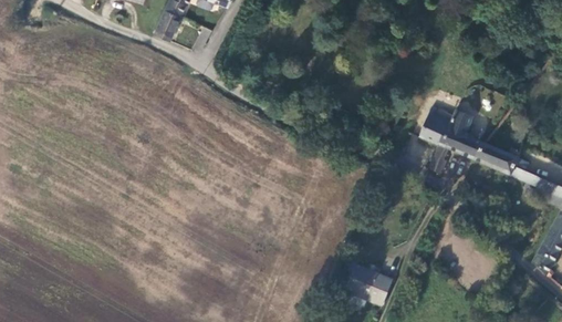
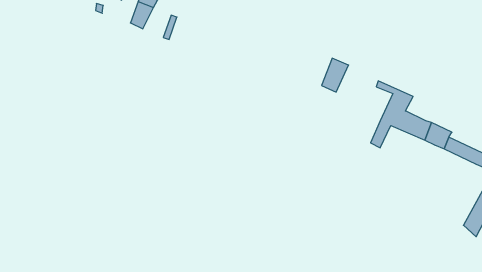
building: [425,105,456,144] -> [322,58,349,92]
building: [348,268,394,307] -> none

